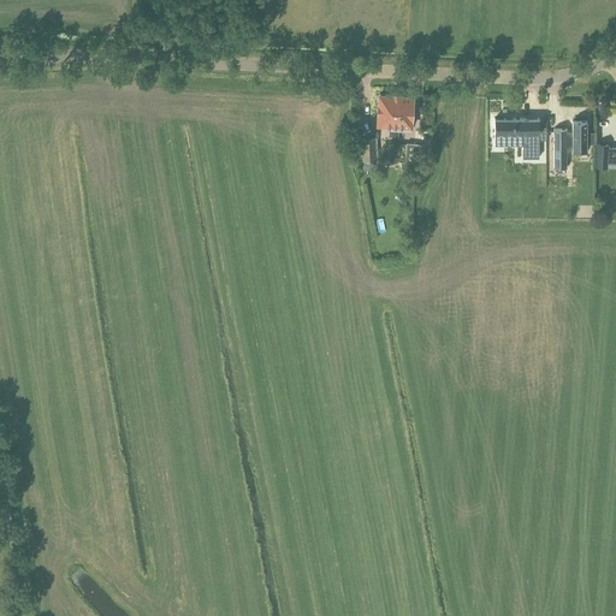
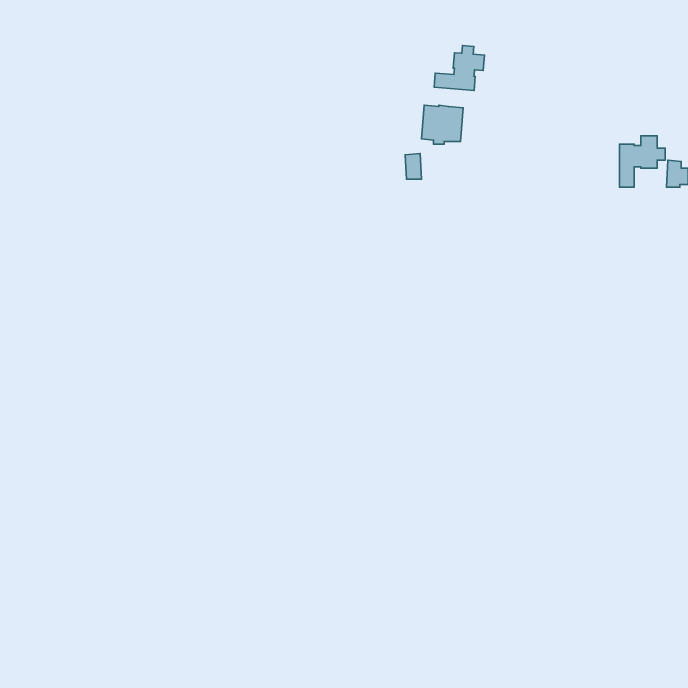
building: none -> [434,46,485,90]
building: [497,123,541,165] -> none

